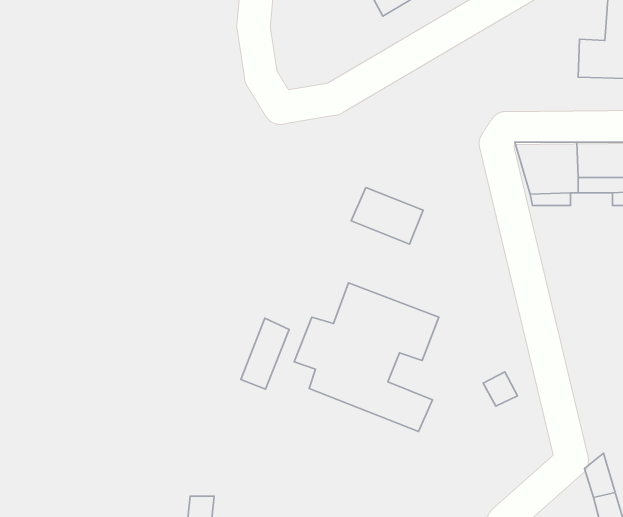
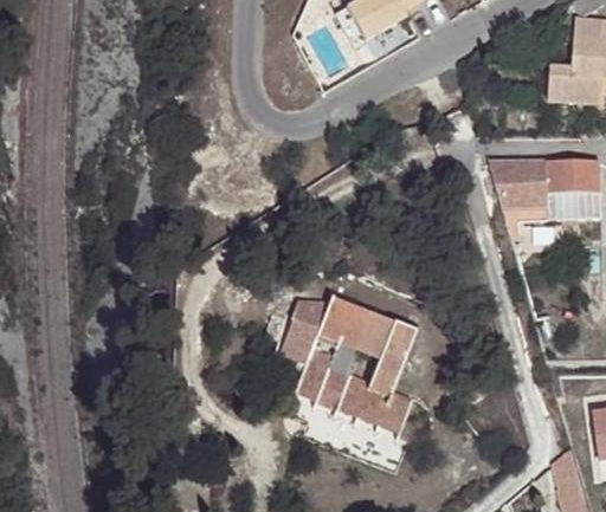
building: [351,187,423,244] -> none
building: [241,318,289,389] -> none

